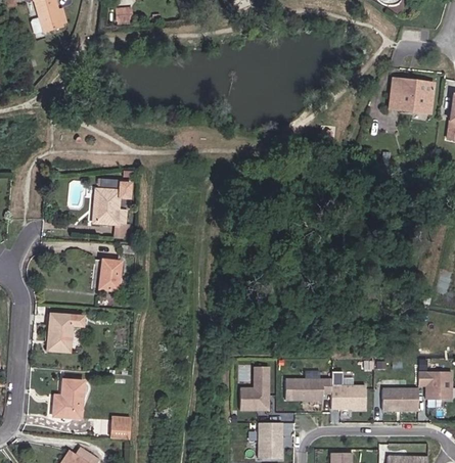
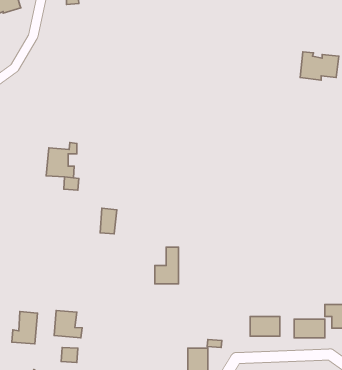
building: [101,260,121,289] -> [100,208,117,234]
building: [48,314,84,351] -> none
building: [241,366,269,409] -> [155,247,178,284]
building: none -> [54,310,82,338]
building: [285,379,331,400] -> none

